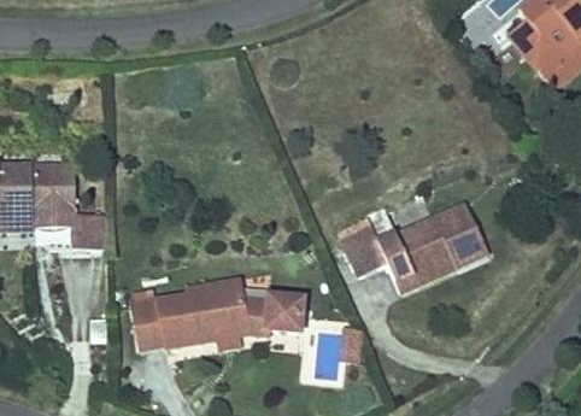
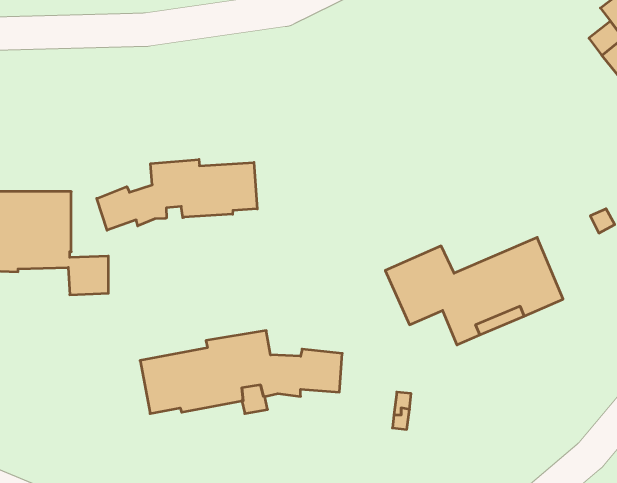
building: none -> [97,159,257,230]

